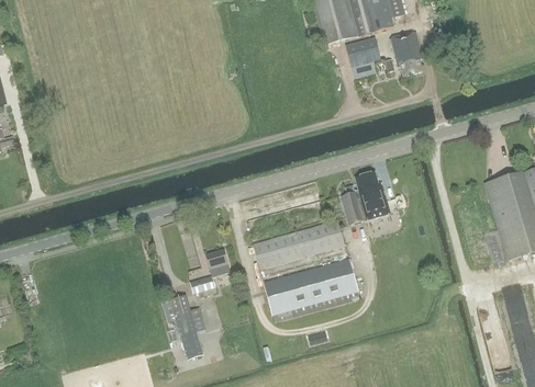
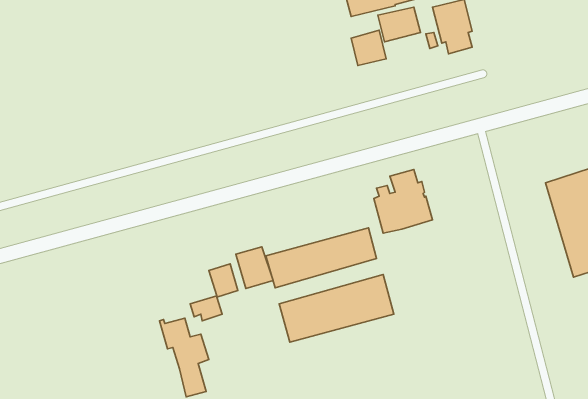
building: none -> [351,30,386,65]
building: none -> [236,247,273,288]

